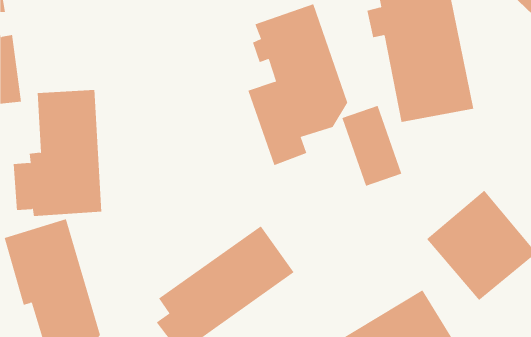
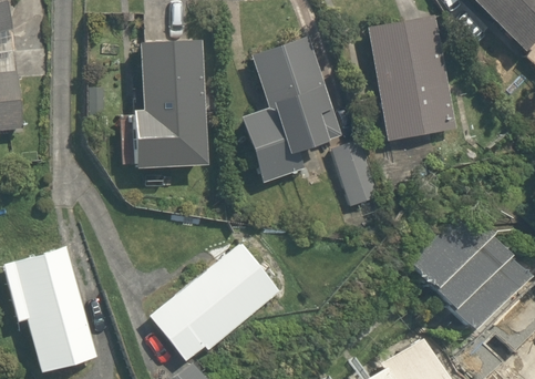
building: [13,89,102,216] -> [119,39,205,162]

